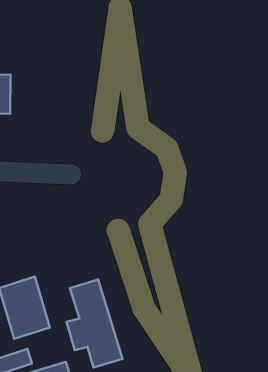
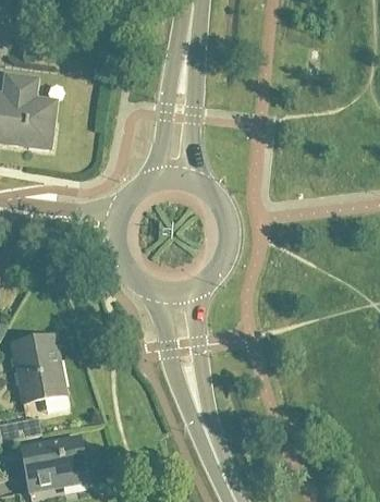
building: [67,280,122,367] -> none

